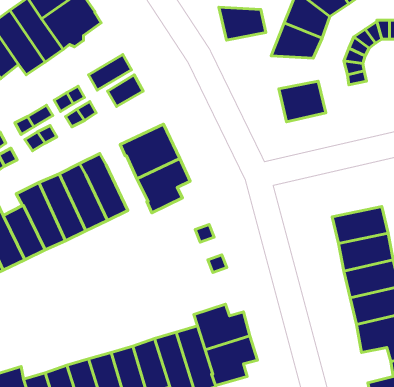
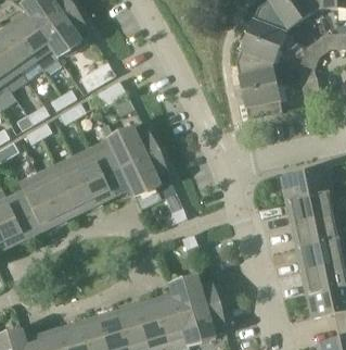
building: [219,7,266,40] -> [236,63,277,91]
building: none -> [90,139,131,196]
building: none -> [284,168,331,201]

